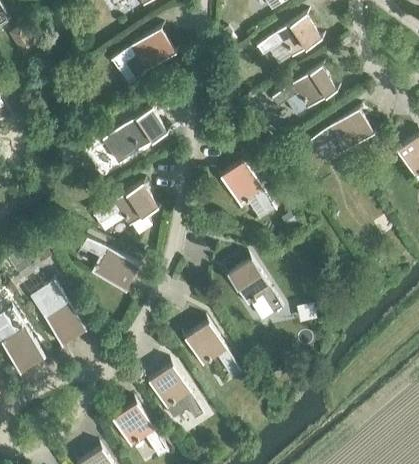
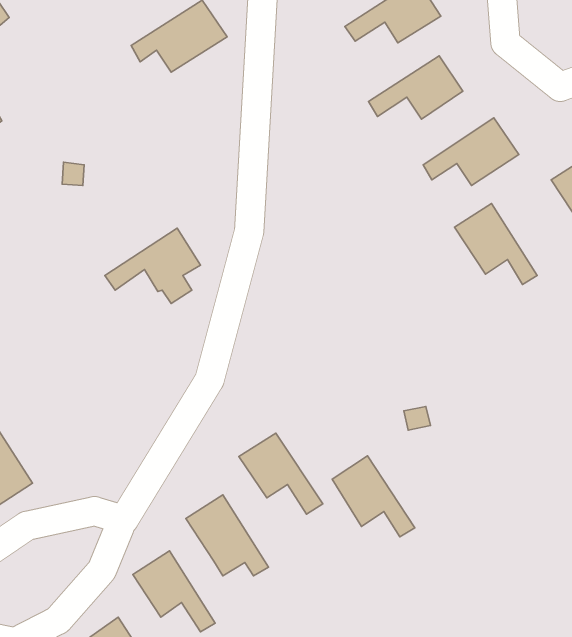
building: [102,108,167,164] -> none
building: [220,160,276,215] -> [455,203,537,284]
building: [82,238,139,290] -> none
building: [227,258,283,313] -> [332,456,415,537]
building: [30,280,86,345] -> none

